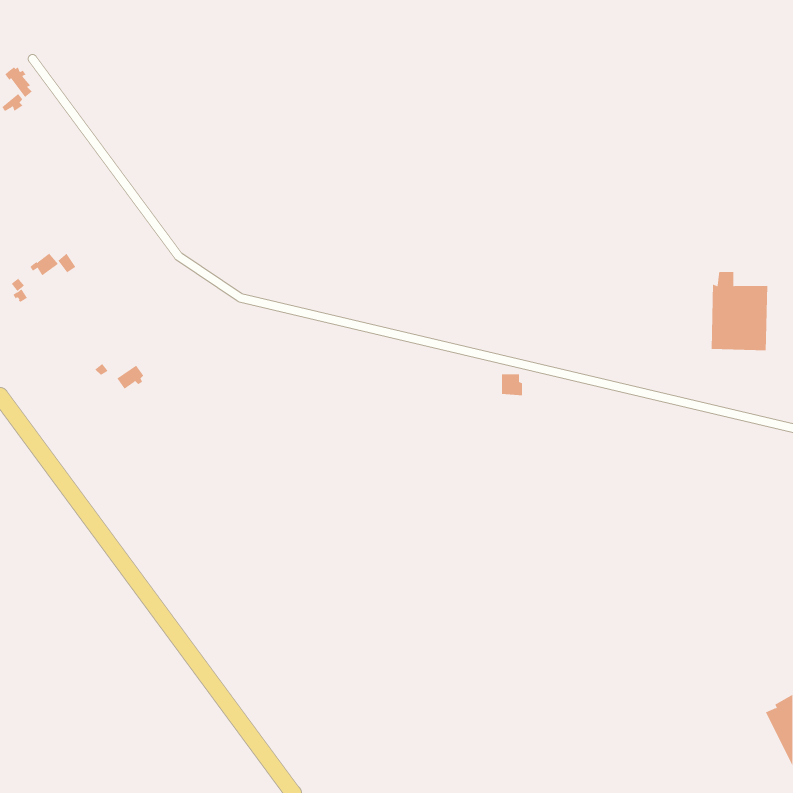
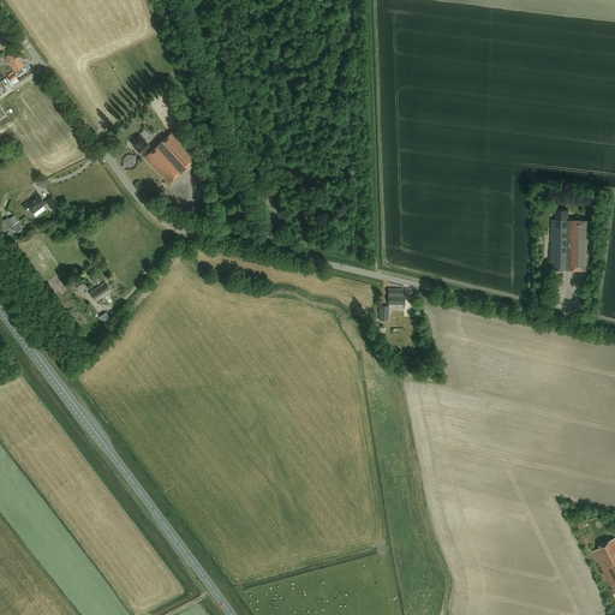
building: none -> [131,130,197,186]

